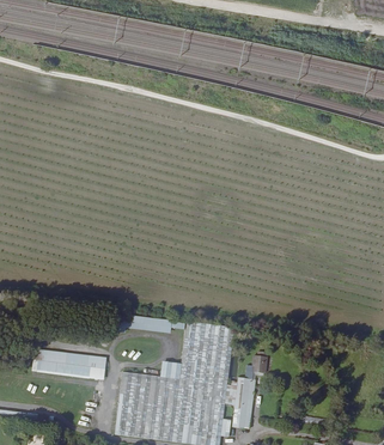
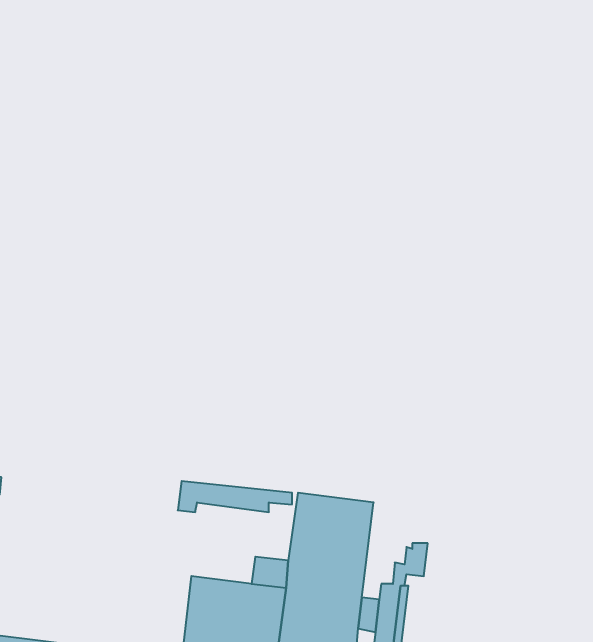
building: [36,350,105,379] -> none

